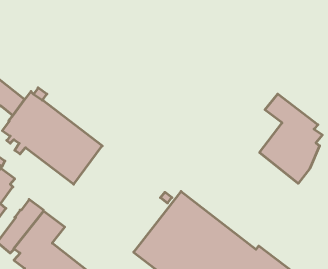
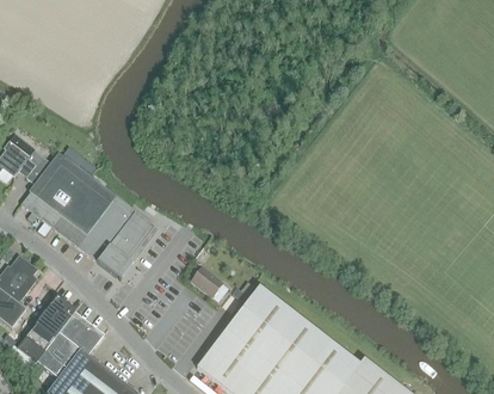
building: [260,94,322,183] -> none
building: none -> [191,266,224,297]

